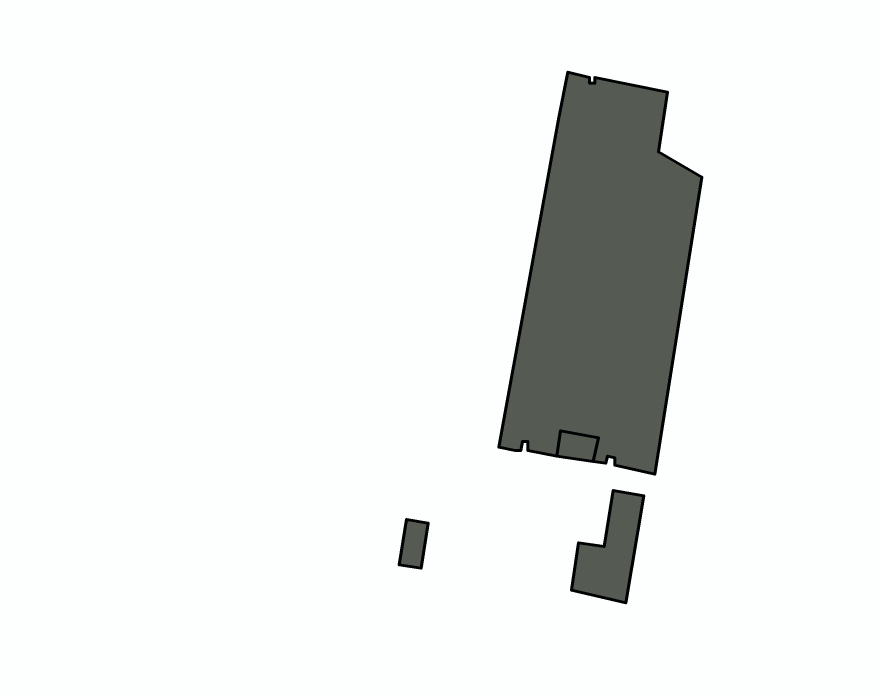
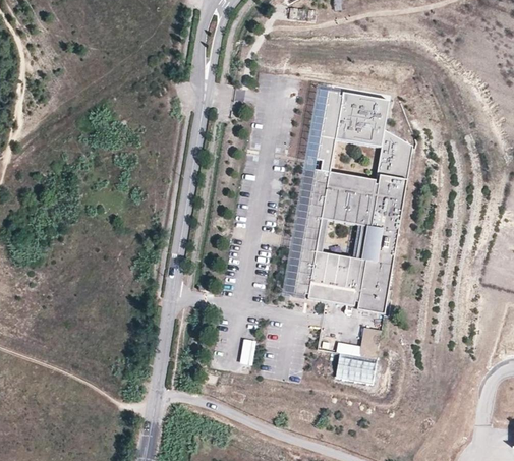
building: none -> [283,83,334,302]

